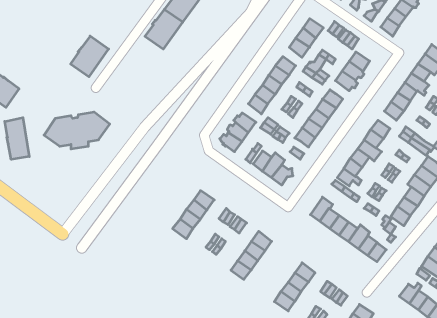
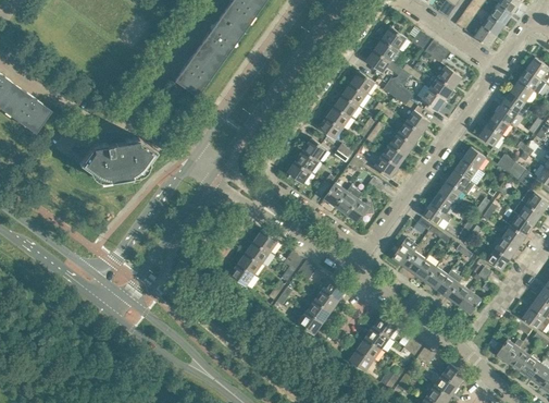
building: [71,36,109,77] -> [174,48,219,96]
building: [5,118,29,159] -> none

